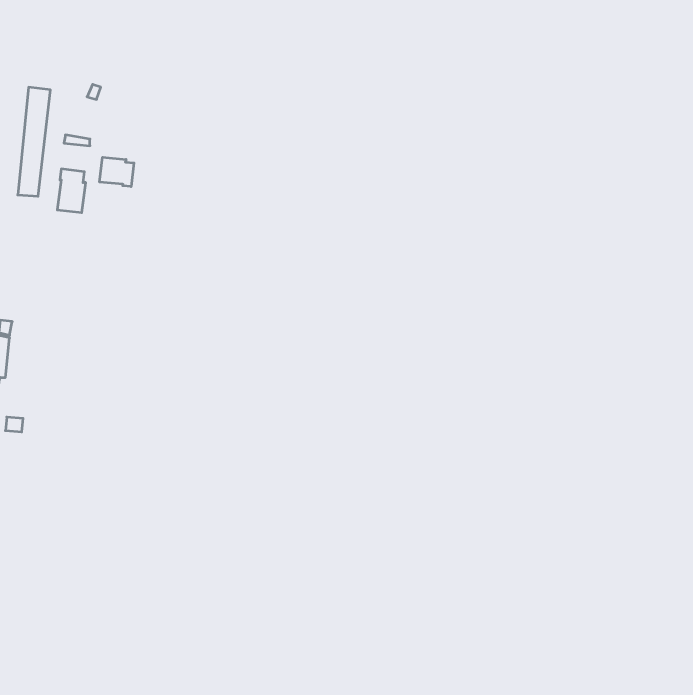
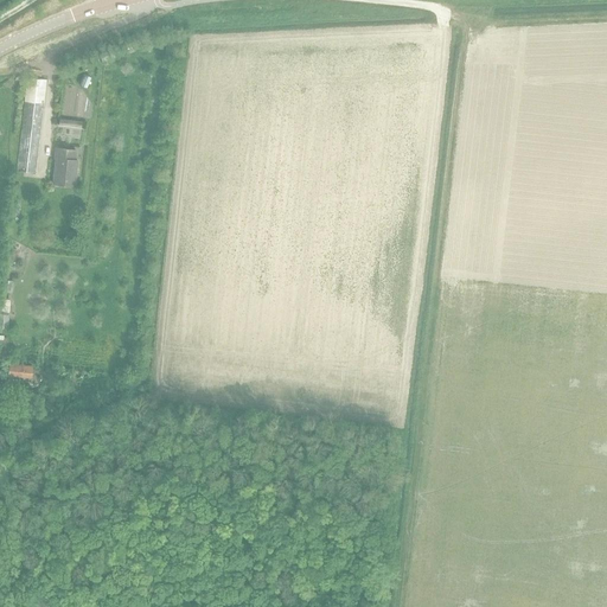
building: [100,157,134,187] -> none

